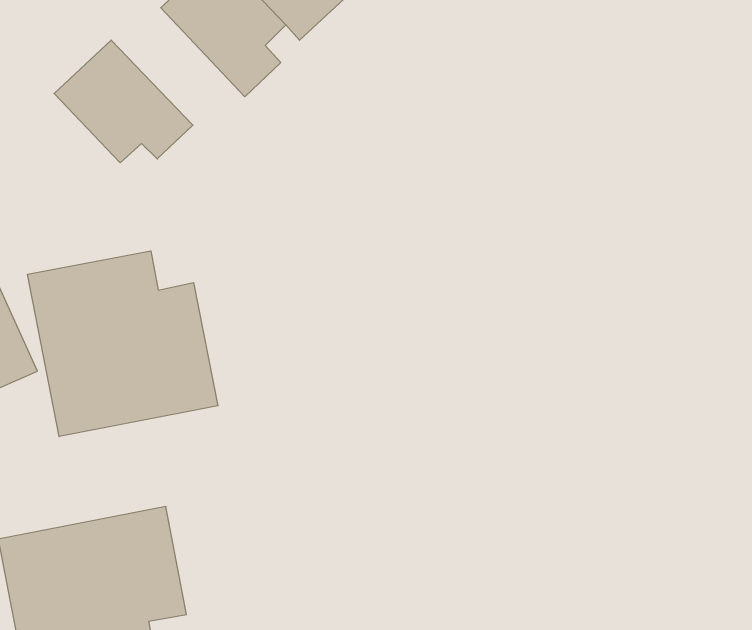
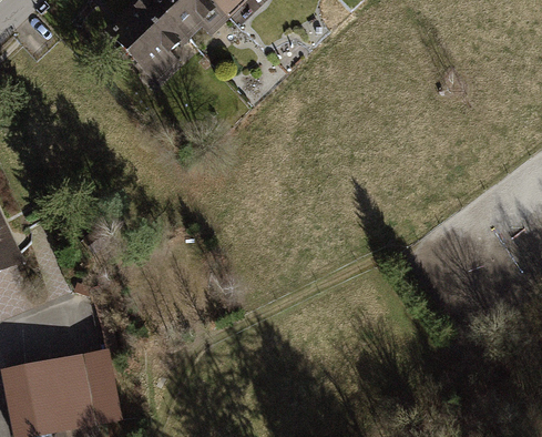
building: [54,40,193,163] -> none
building: [27,251,218,437] -> none

